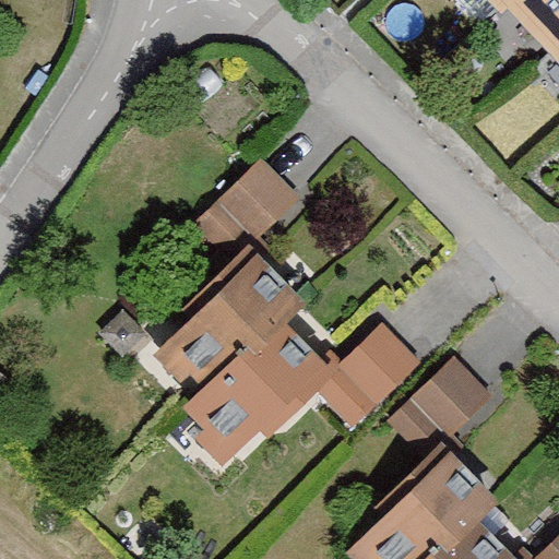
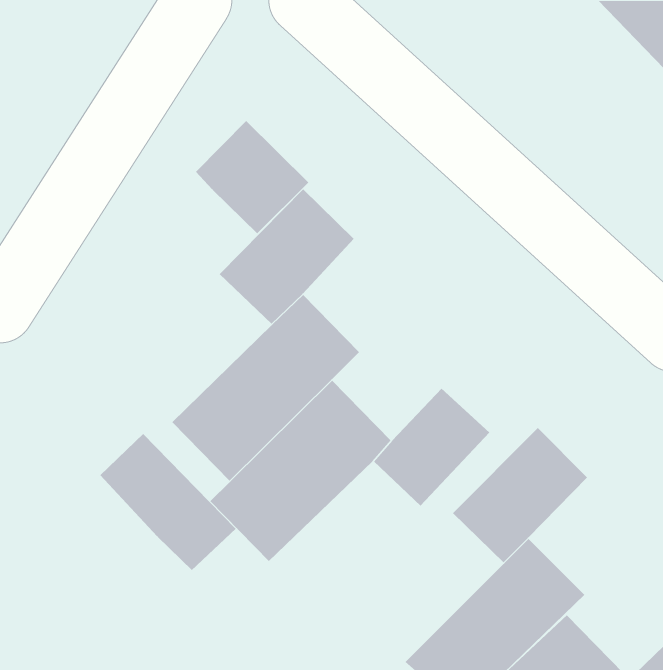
building: none -> [195,120,309,234]
building: none -> [100,433,237,571]

